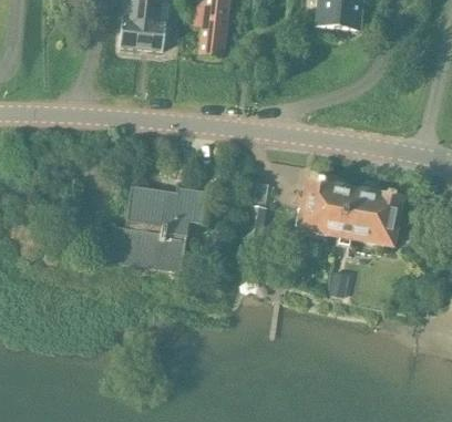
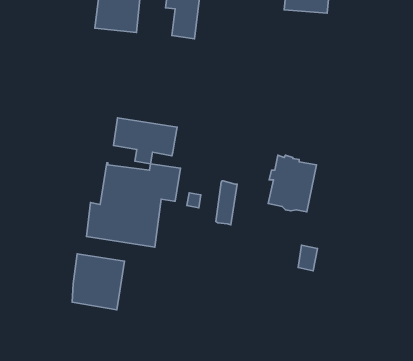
building: none -> [113,118,177,164]
building: [338,182,401,244] -> none
building: none -> [72,254,124,310]

